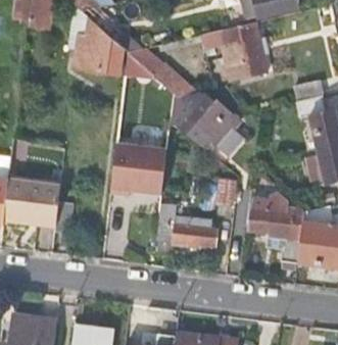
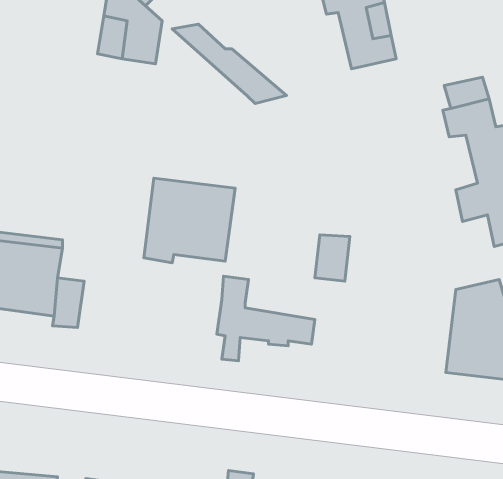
building: [170,93,242,149] -> none
building: [247,193,302,263] -> none

